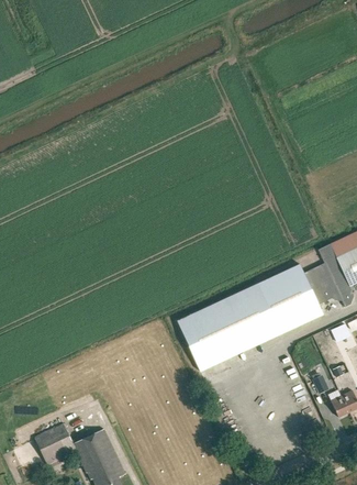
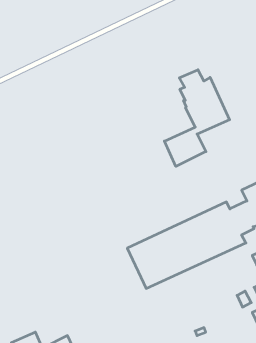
building: none -> [164,70,230,166]

